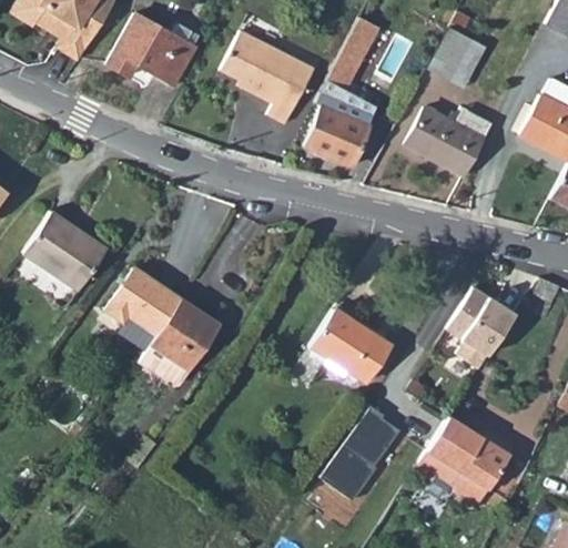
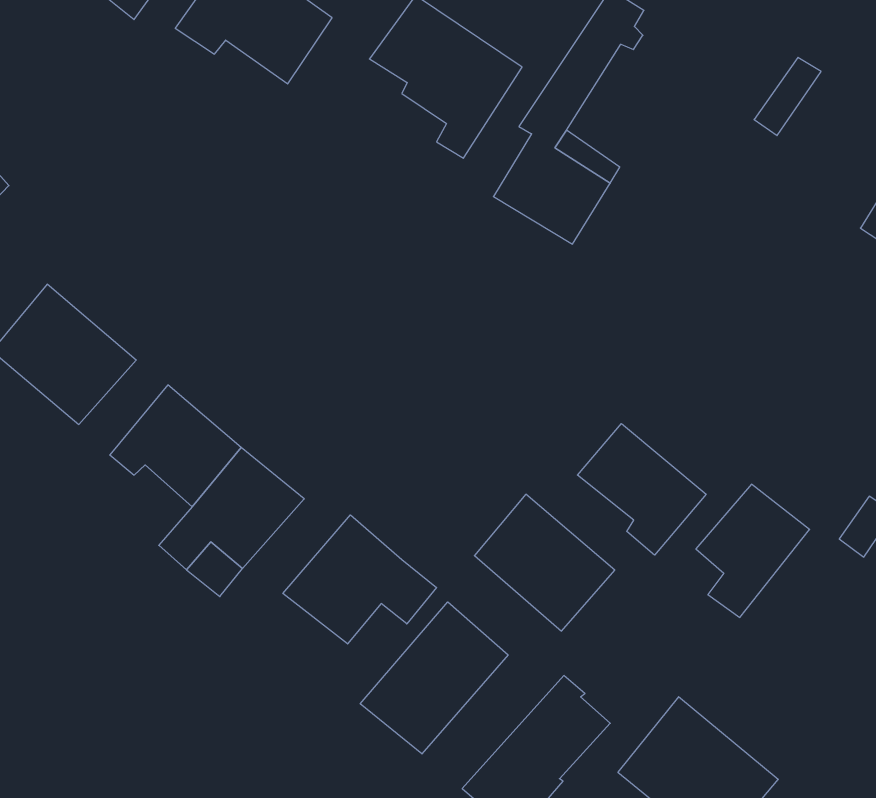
building: [426,26,471,78] -> none
building: [405,104,493,173] -> none
building: none -> [577,424,706,555]
building: none -> [283,515,437,644]
building: none -> [360,602,508,754]

